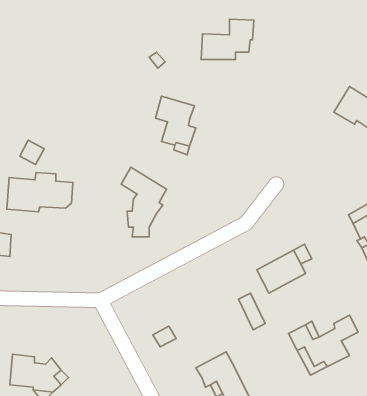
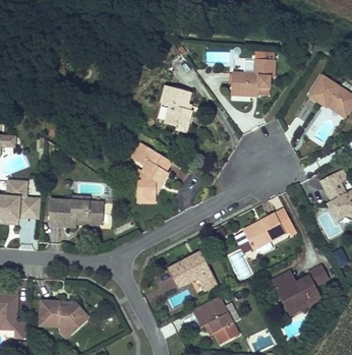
building: [201,19,254,59] -> [230,59,274,93]
building: [7,173,73,212] -> [48,195,103,228]
building: none -> [170,252,218,291]

